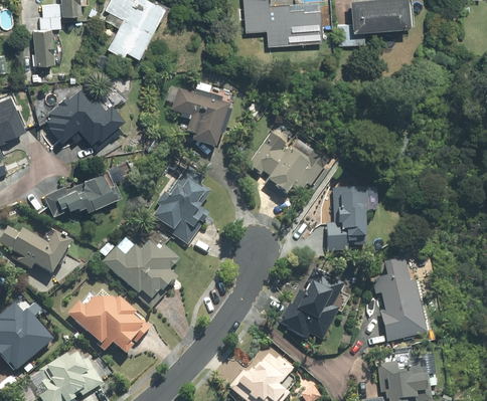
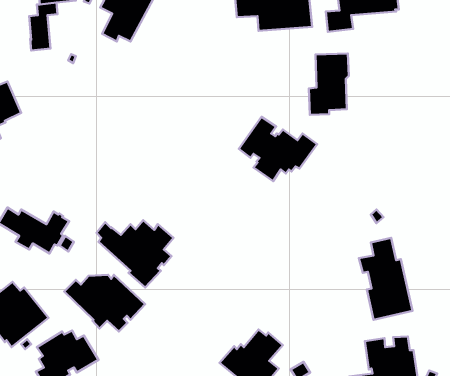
building: [45,87,124,149] -> none
building: [172,87,230,147] -> none
building: [153,165,211,244] -> none
building: [45,170,118,214] -> none
building: [327,187,368,250] -> [309,54,349,115]
building: [280,268,344,341] -> none

